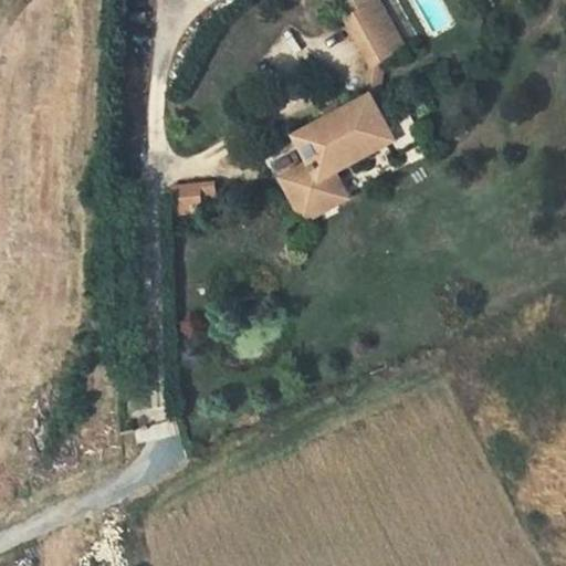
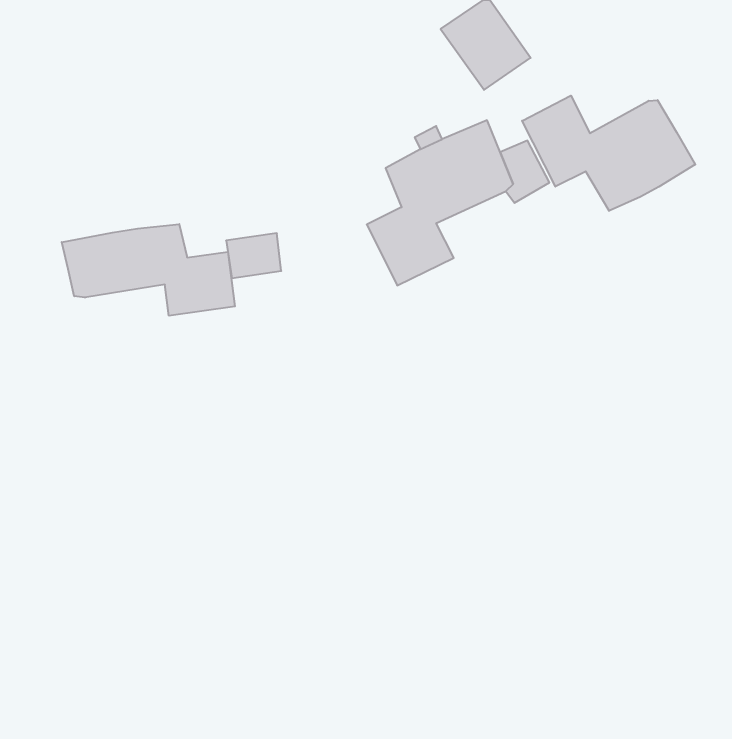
building: none -> [522,96,695,211]
building: none -> [62,224,235,316]

